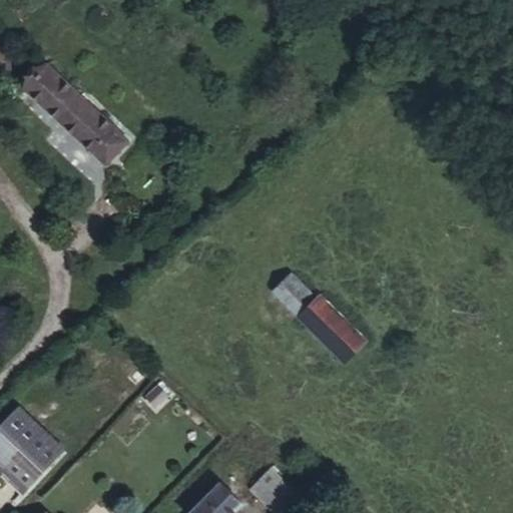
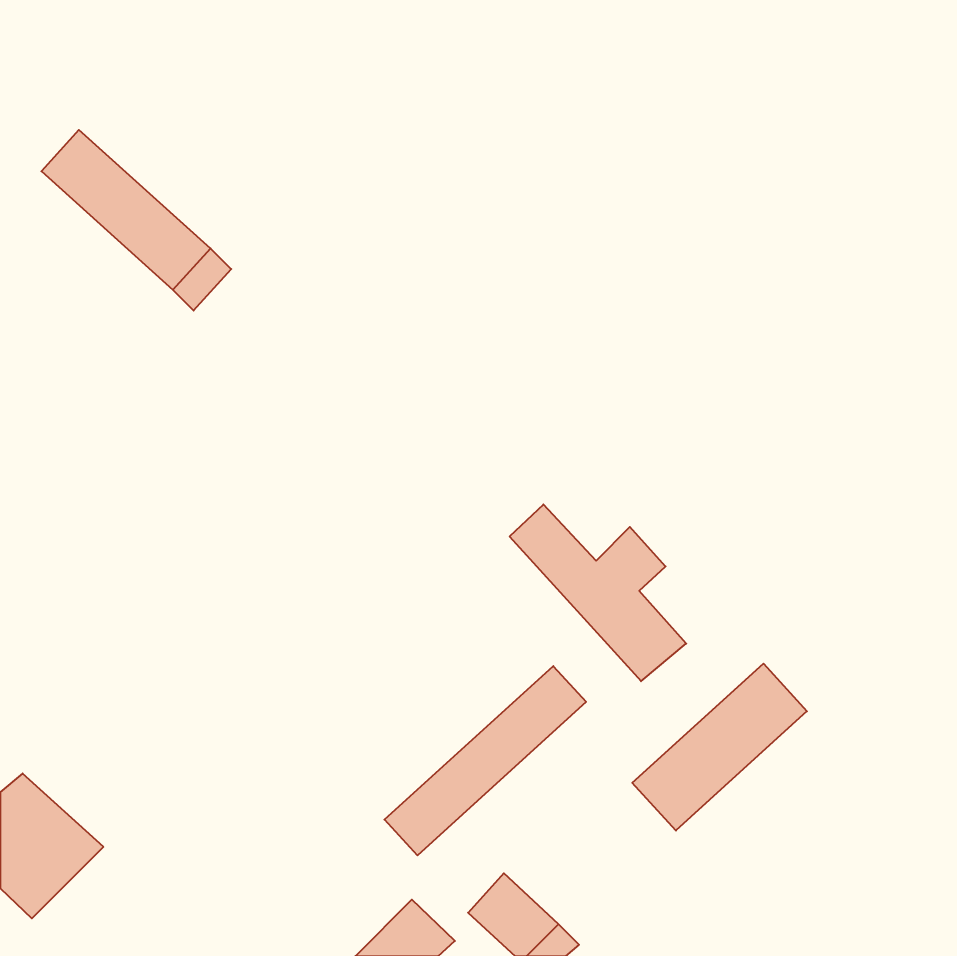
building: none -> [632,664,807,831]
building: none -> [384,666,586,855]

